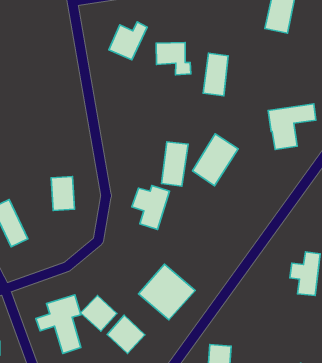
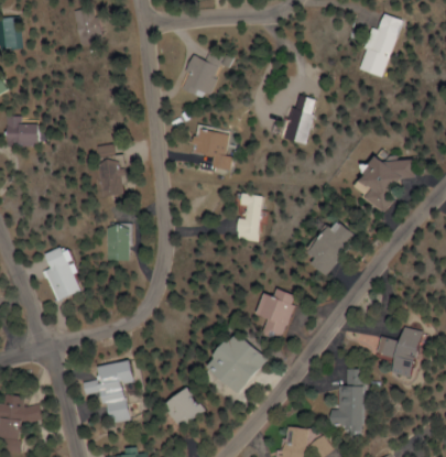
building: [156,42,191,75] -> [199,130,238,167]
building: none -> [99,157,127,198]
building: [192,134,238,186] -> [303,218,357,278]
building: [132,185,170,229] -> [253,292,297,342]
building: [80,295,117,331] -> none
building: none -> [326,385,358,428]

